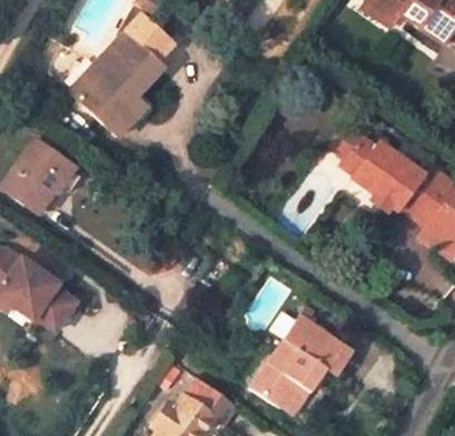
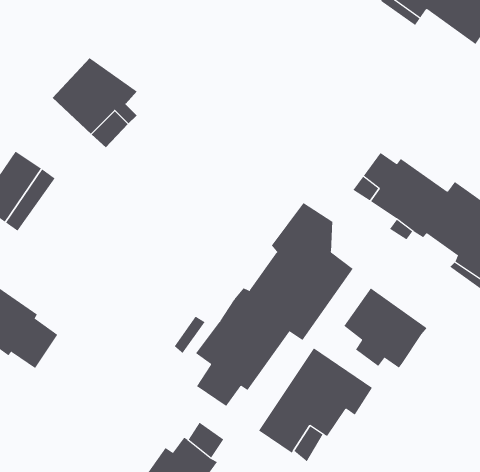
building: [103,14,174,86] -> none
building: none -> [195,202,354,407]
building: none -> [343,287,427,368]

